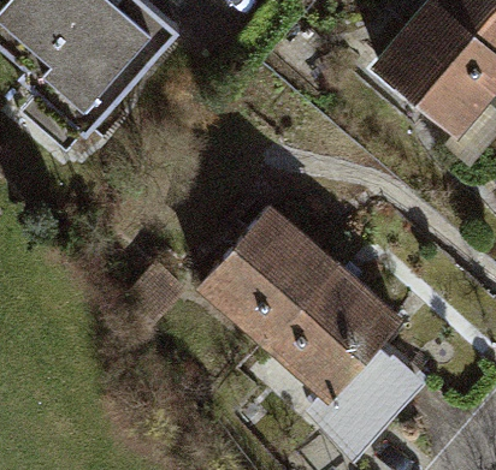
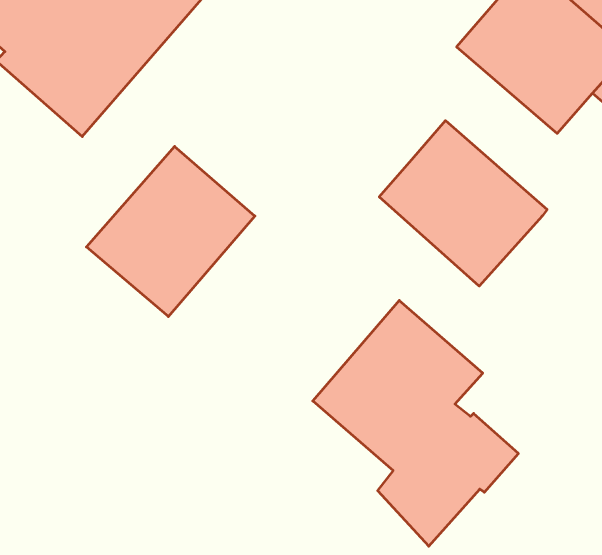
building: none -> [379,121,547,286]
building: [200,209,331,341] -> [86,146,255,317]

